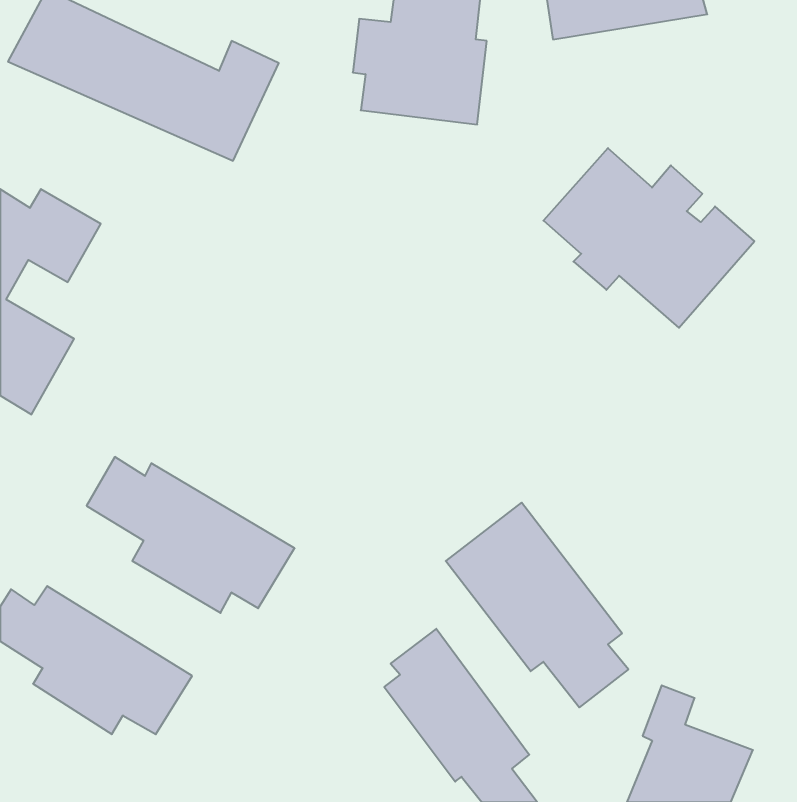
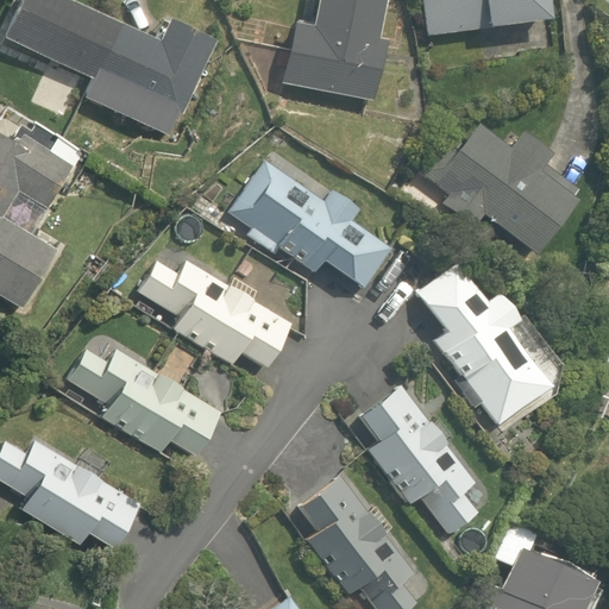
building: none -> [239,163,409,293]
building: none -> [406,257,542,420]
building: none -> [140,260,306,376]

